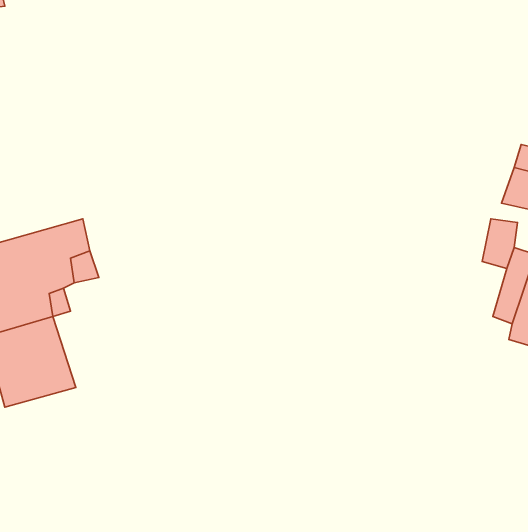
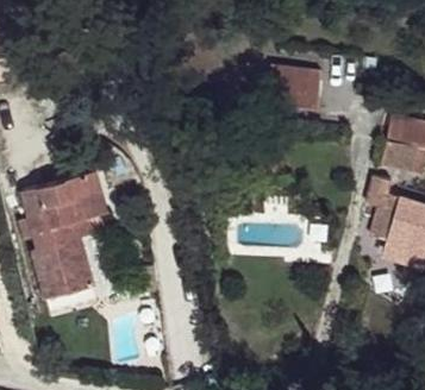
building: none -> [279,64,320,106]

